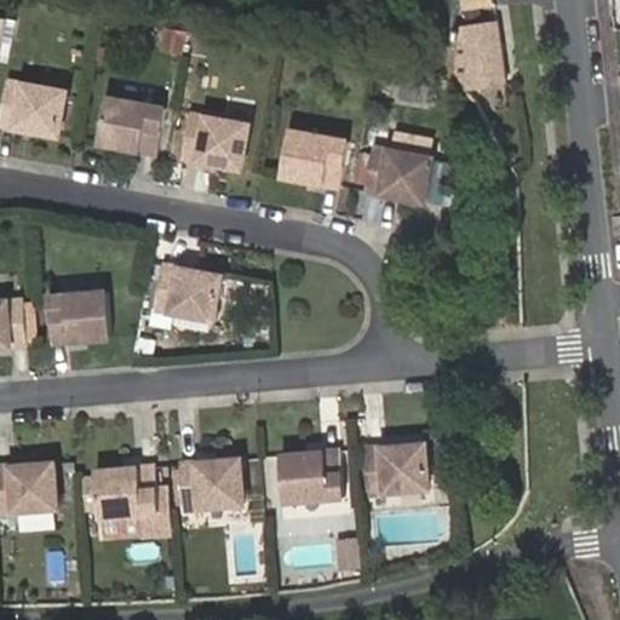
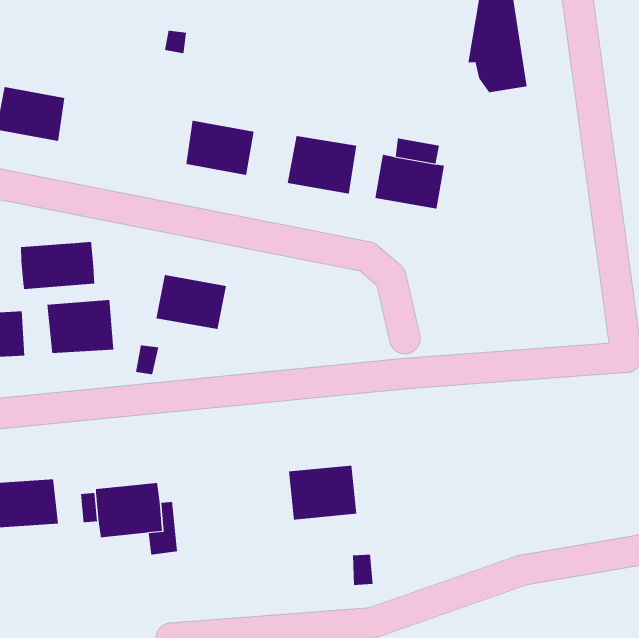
building: [94,97,162,154] -> none
building: none -> [21,241,95,290]
building: [363,442,429,490] -> none
building: [177,459,242,507] -> none

